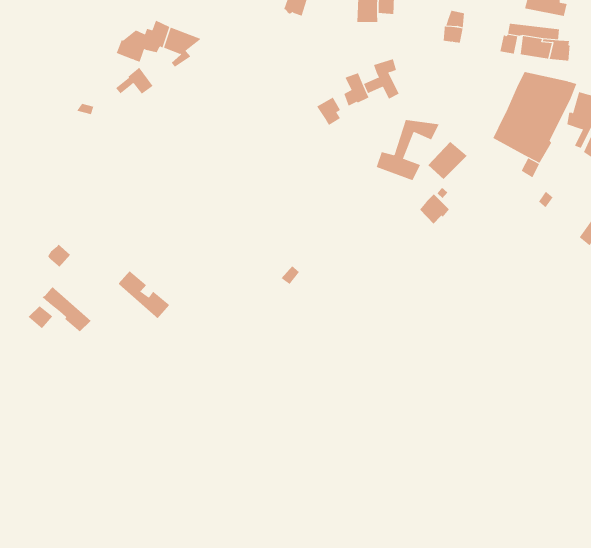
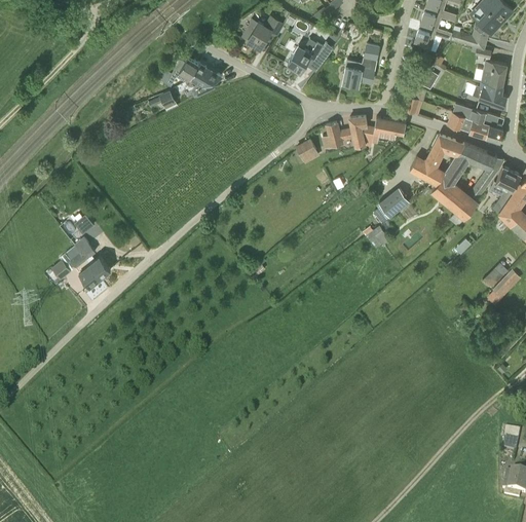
building: none -> [373,118,406,137]
building: [376,119,439,181] -> [410,136,464,184]
building: [118,271,170,319] -> [74,238,111,279]

